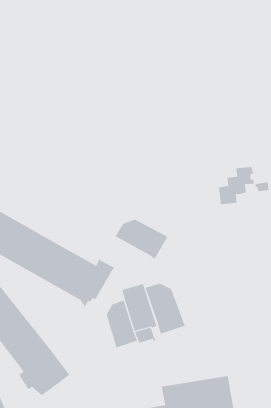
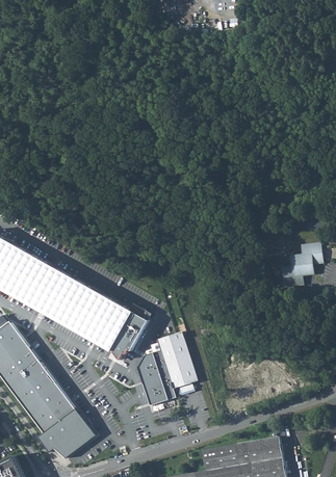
building: [218,166,255,205] -> [281,243,322,287]
building: [115,219,168,259] -> none
building: [145,283,185,335] -> none

